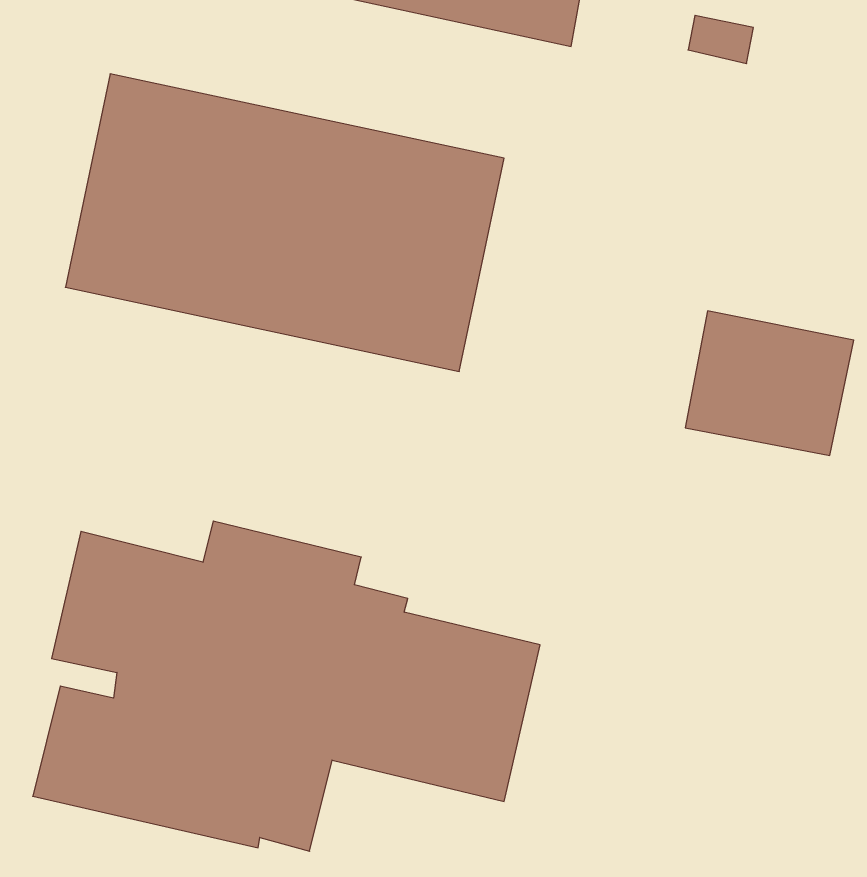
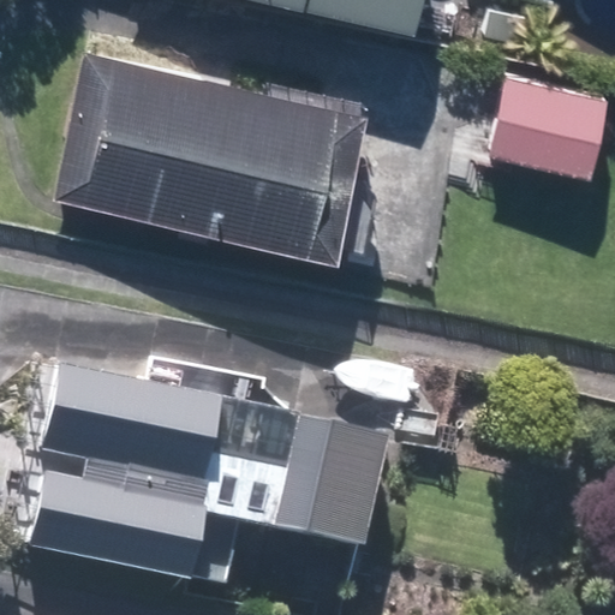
building: [685,311,854,455] -> [490,77,608,178]

